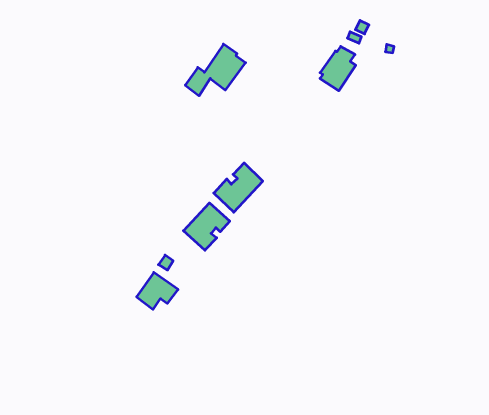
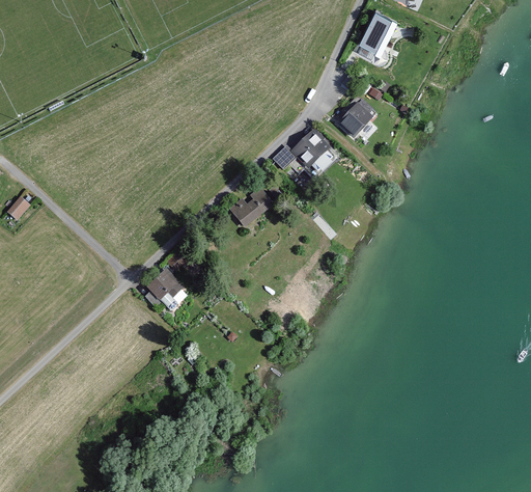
building: [185,44,246,96] -> [274,129,330,170]
building: [183,203,230,250] -> none

